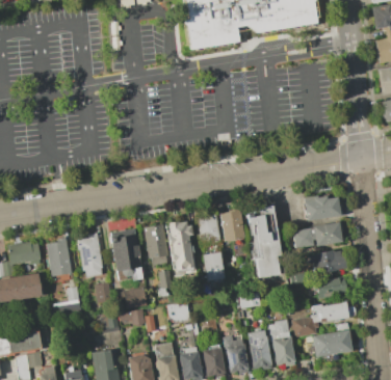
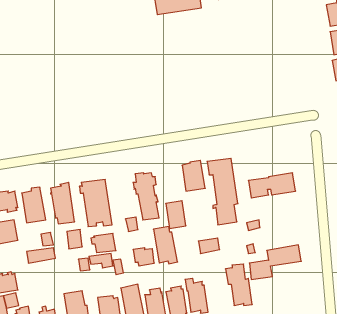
building: [303,195,341,220] -> none
building: [194,213,220,245] -> none
building: [144,223,167,257] -> none
building: [311,250,347,274] -> none
building: [315,275,346,296] -> none
building: [246,329,272,370] -> [153,226,178,264]
building: [313,330,350,356] -> none

